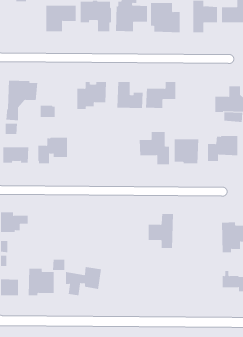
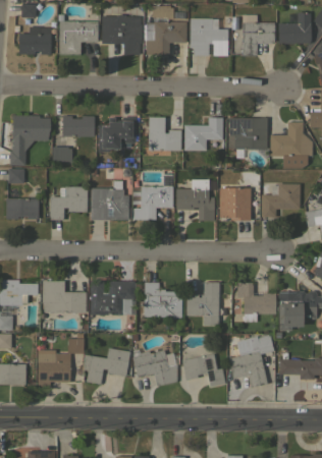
building: none -> [18,26,50,55]
building: none -> [61,116,94,136]
building: none -> [229,118,267,150]
building: none -> [133,174,173,220]
building: none -> [90,180,128,221]
building: none -> [42,281,86,312]
building: none -> [90,281,136,314]
building: none -> [144,283,181,321]
building: none -> [237,283,276,322]
building: none -> [228,335,274,388]
building: none -> [132,350,177,387]
building: none -> [181,353,225,387]

